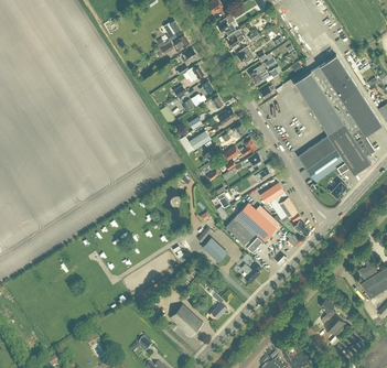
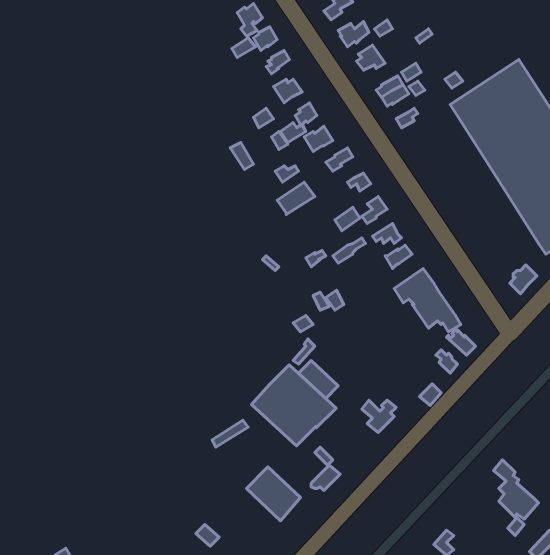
building: [298,133,348,181] -> none
building: [225,202,277,251] -> [251,365,336,446]

